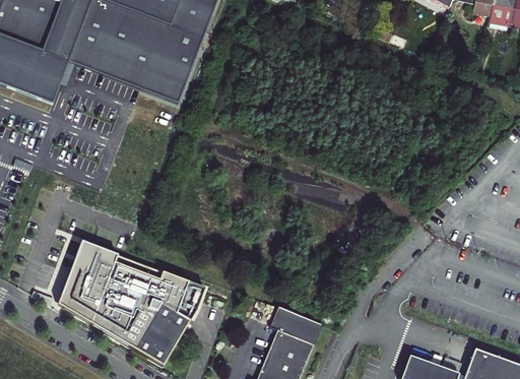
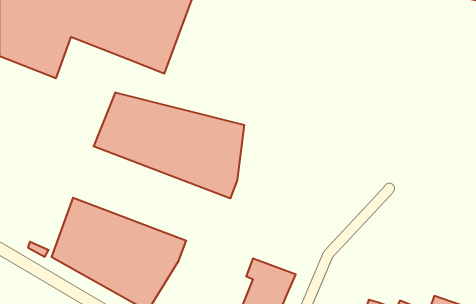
building: none -> [94,92,244,198]

